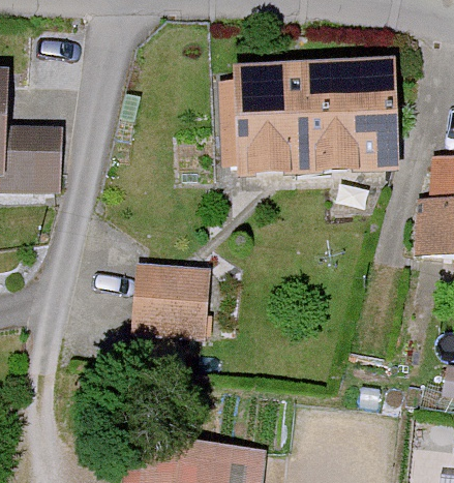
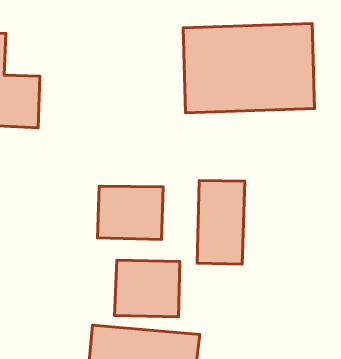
building: none -> [197,181,245,264]
building: none -> [114,260,180,317]

